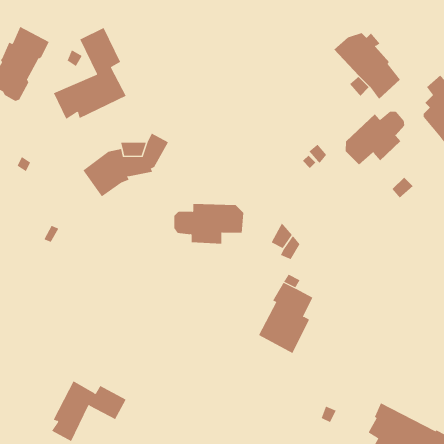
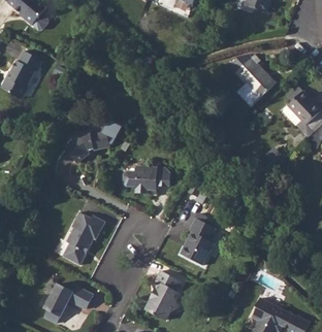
building: [53,27,127,120] -> none
building: [345,111,405,165] -> none
building: none -> [63,211,105,264]
building: none -> [144,270,180,320]

